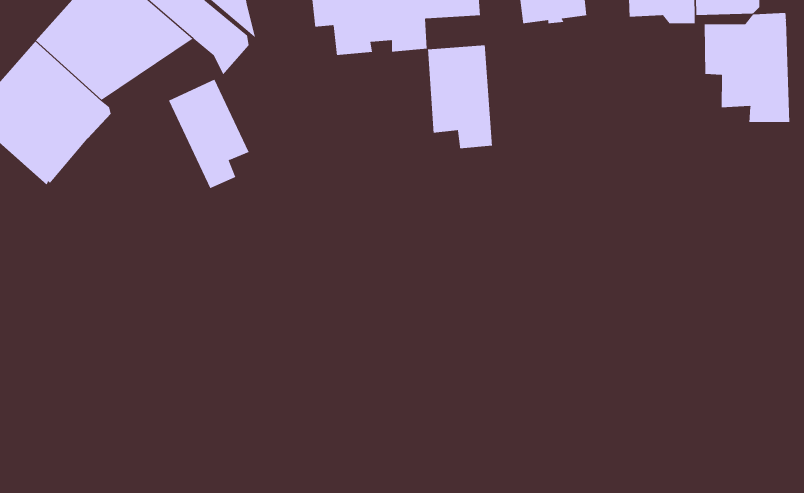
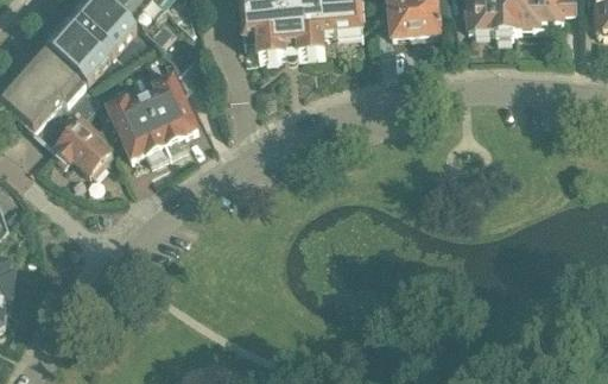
building: [704,12,790,123] -> none
building: [428,44,492,149] -> none
building: none -> [99,88,167,160]
building: none -> [50,115,110,169]

